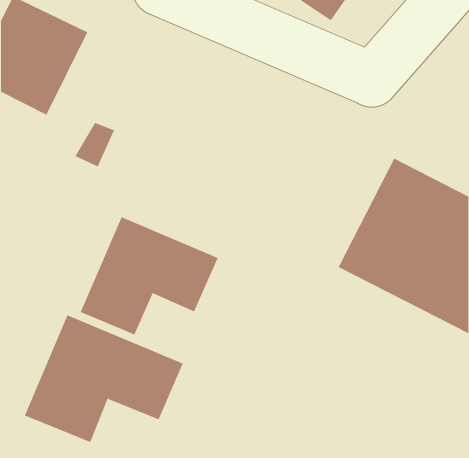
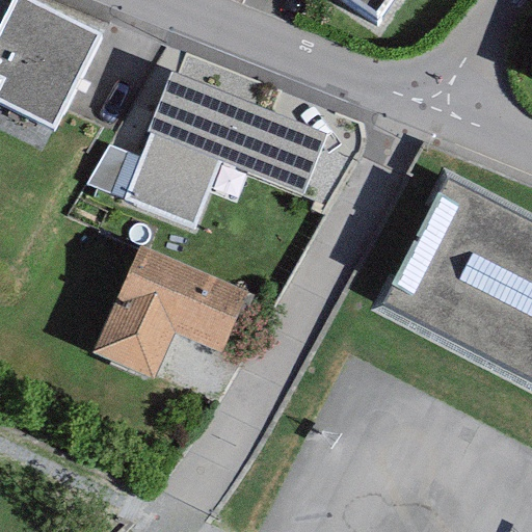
building: none -> [123,74,327,220]
building: [24,315,183,443] -> none

